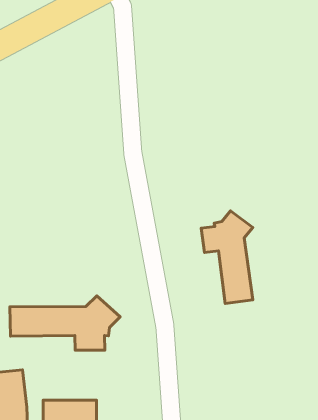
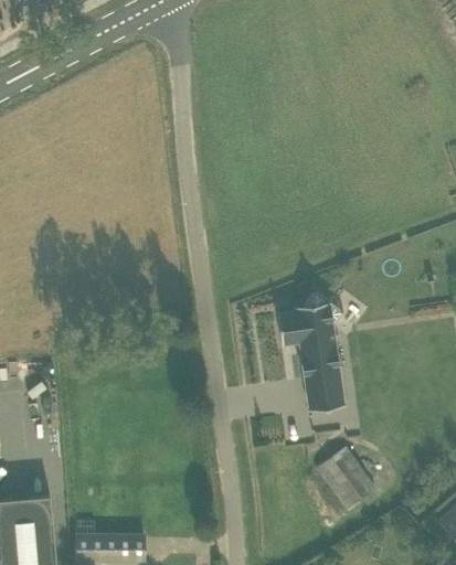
building: [10,296,120,350] -> none
building: none -> [315,447,375,511]

